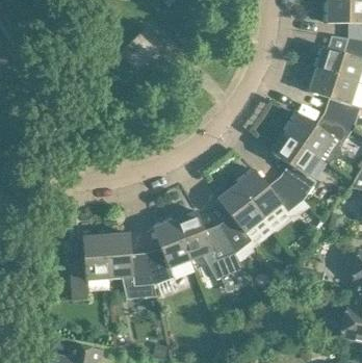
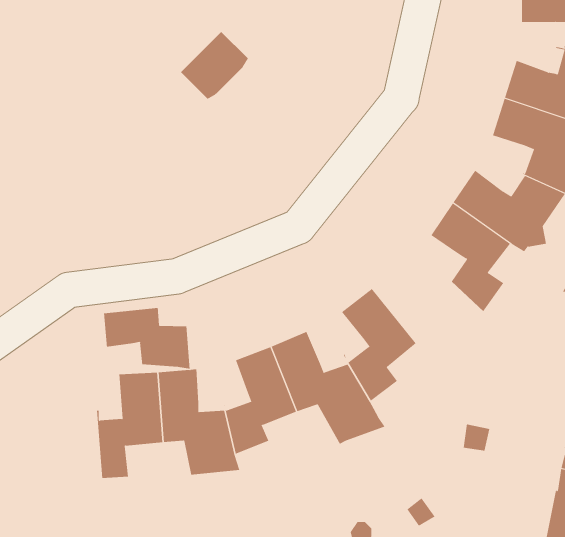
building: [237,168,305,216] -> none
building: none -> [104,307,190,370]

